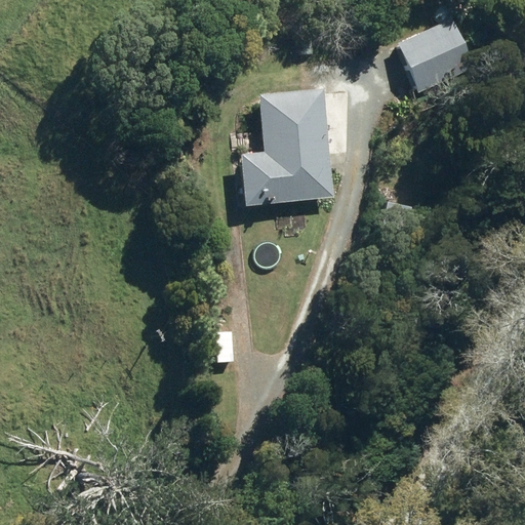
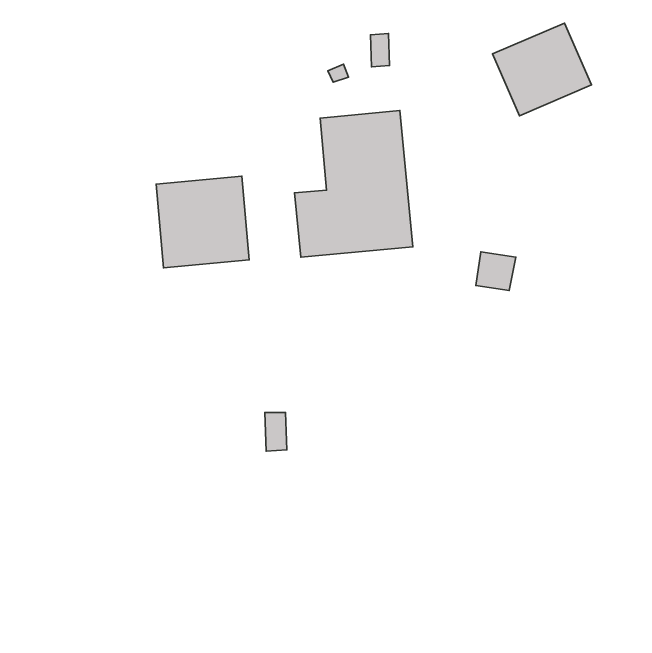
building: none -> [156,176,249,268]

